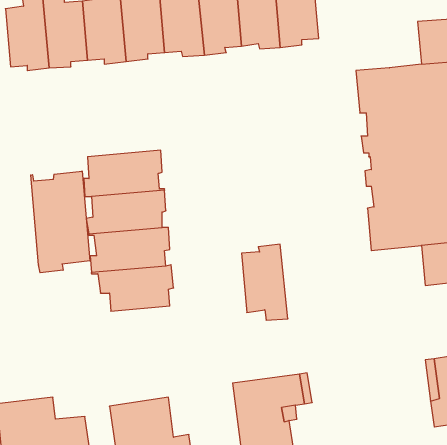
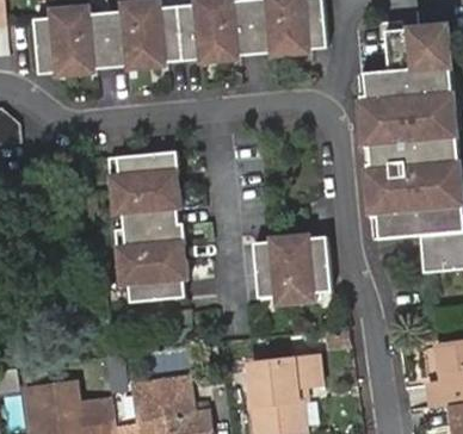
building: none -> [387,30,420,73]
building: [31,171,90,273] -> none
building: none -> [289,235,331,305]

